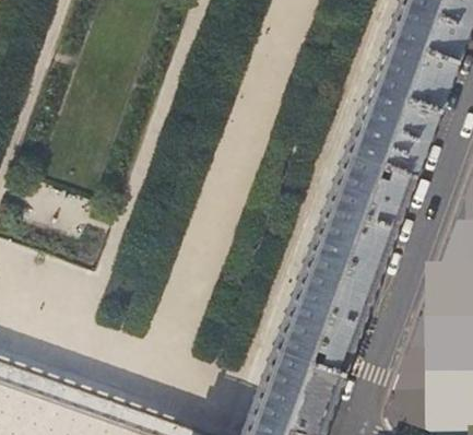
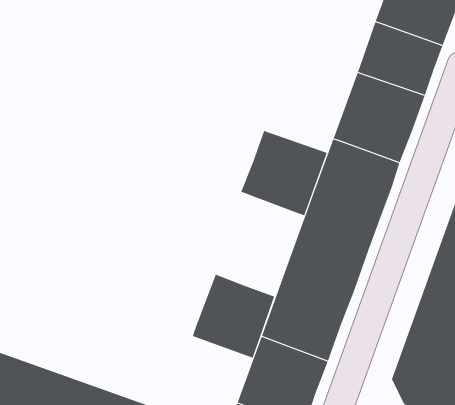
building: none -> [241,130,328,216]
building: none -> [192,274,275,359]

